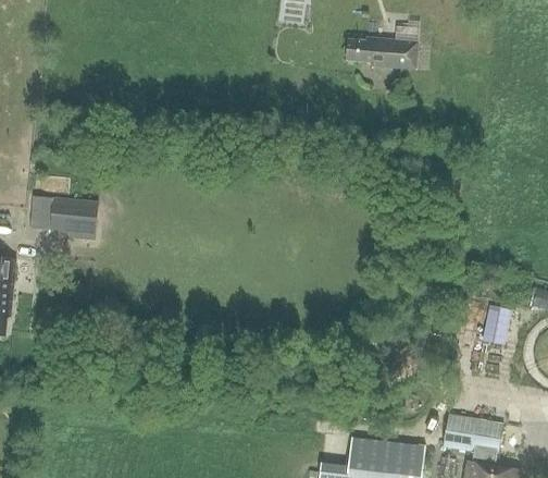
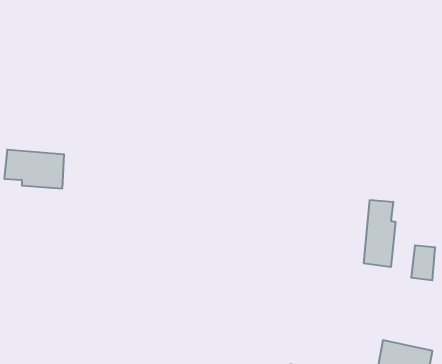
building: [346,37,416,68] -> none
building: none -> [364,200,395,267]

